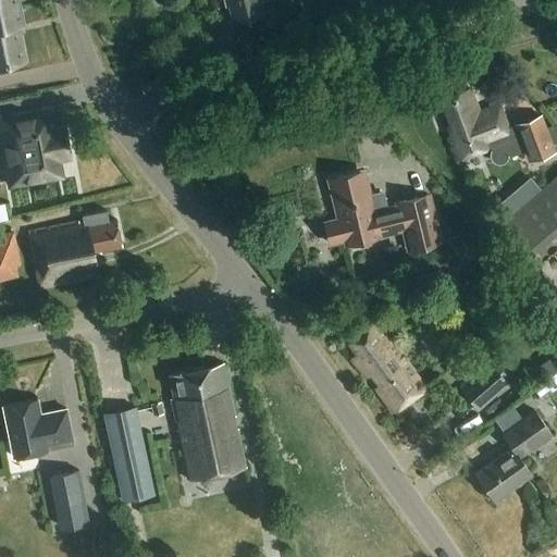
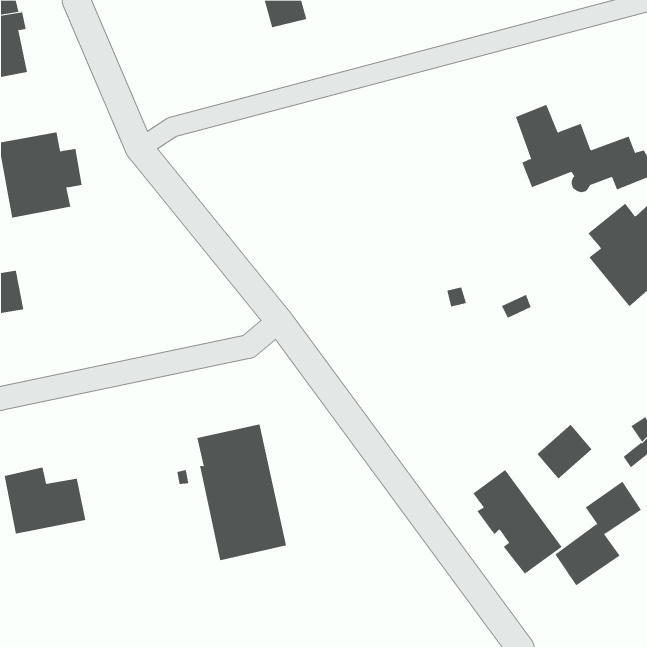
building: [325,175,442,252] -> none
building: [29,212,123,290] -> none
building: [349,324,426,414] -> [473,469,563,575]
building: [104,409,150,503] -> none
building: [53,472,90,530] -> none

